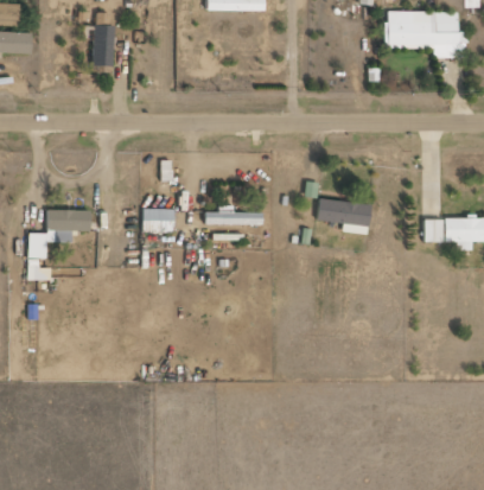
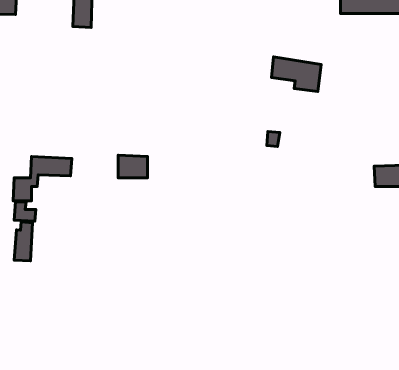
building: [317,197,371,235] -> [271,57,321,92]
building: [205,205,262,224] -> none
building: none -> [14,222,33,261]

